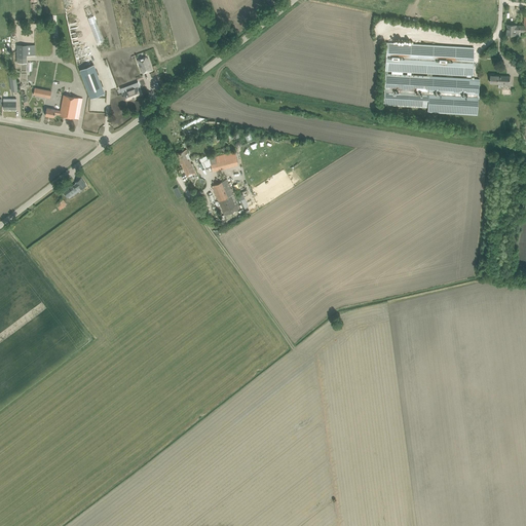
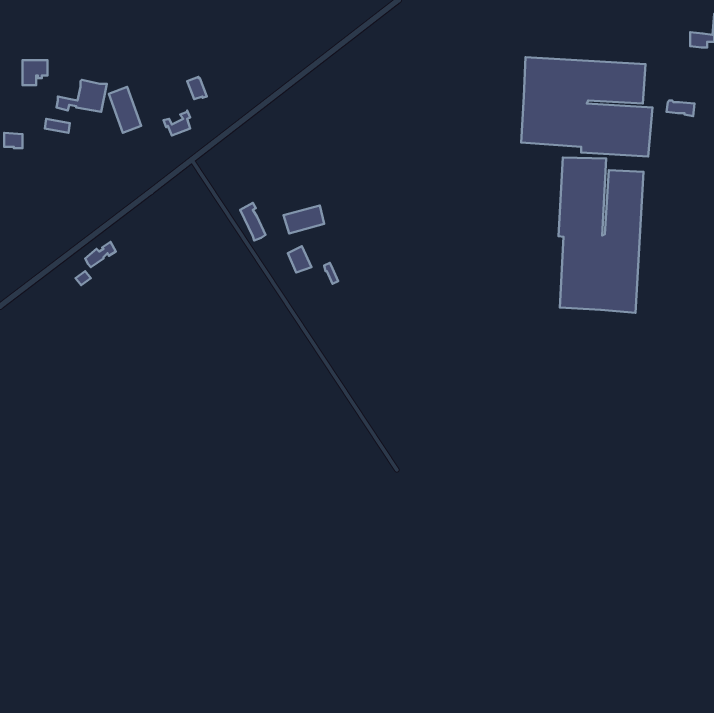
building: [45,96,82,119] -> [57,80,107,112]
building: none -> [558,157,644,313]

